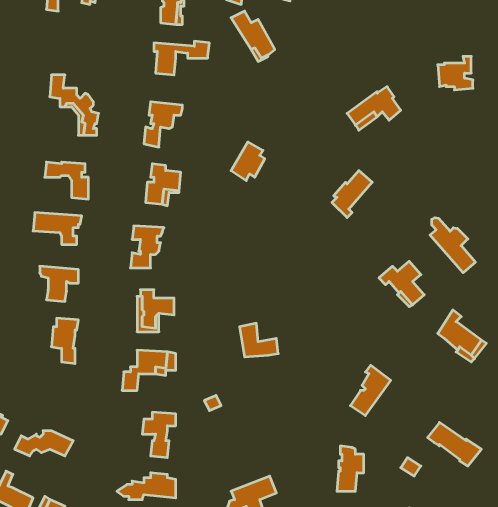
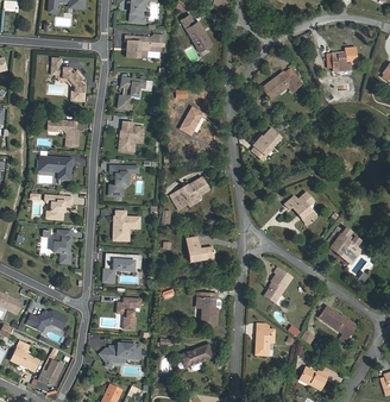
building: [430,218,475,273] -> none
building: none -> [170,177,209,208]
building: none -> [197,291,221,325]

